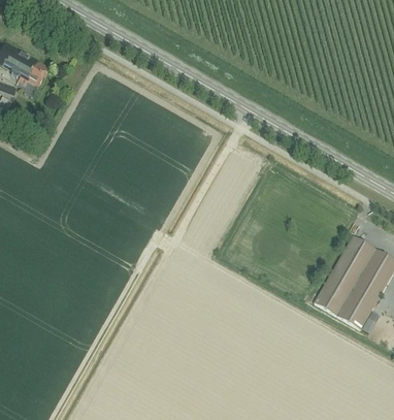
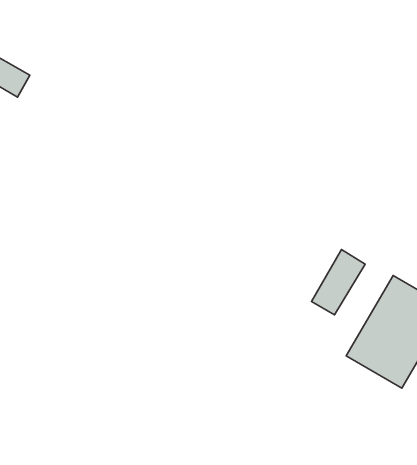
building: none -> [311,250,365,315]

